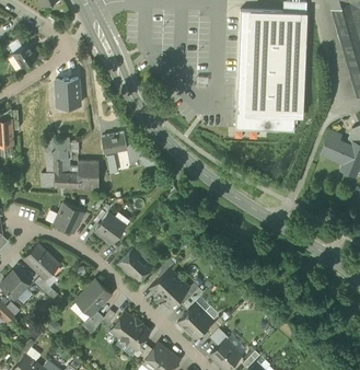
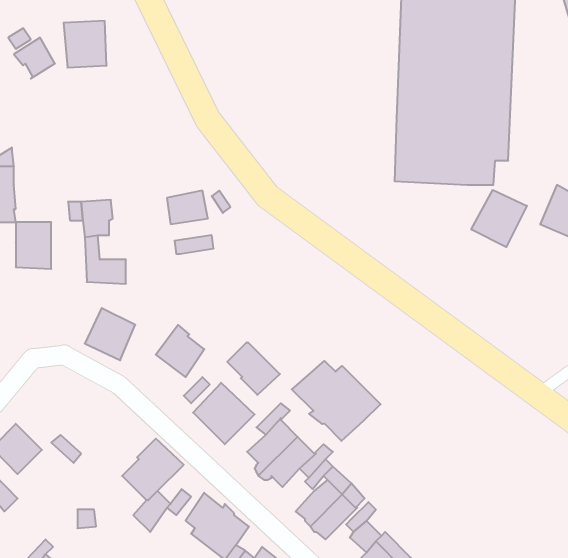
building: [55,79,80,106] -> [64,21,107,68]
building: none -> [471,190,527,247]
building: [78,162,98,189] -> [16,222,51,269]
building: none -> [227,342,280,395]
building: none -> [292,361,381,441]
building: [24,244,59,279] -> none

